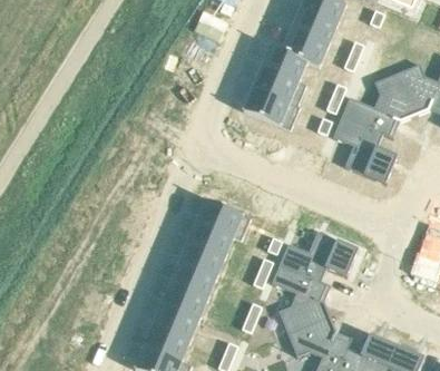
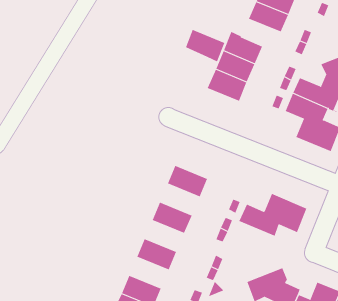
building: [283,30,329,68] -> [186,29,225,62]
building: [188,221,235,257] -> none
building: [170,263,217,300] -> none
building: [272,264,331,334] -> none
building: [153,305,199,342] -> none

